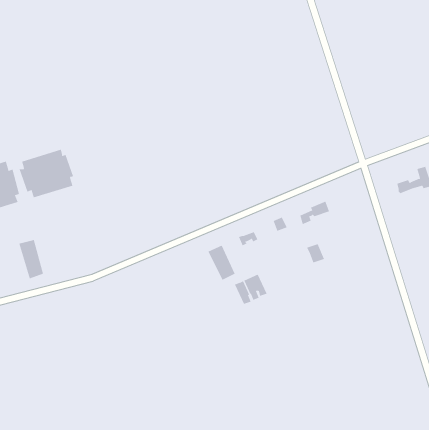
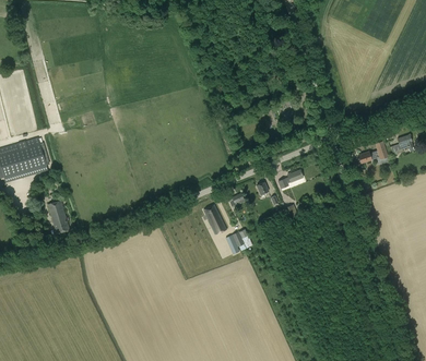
building: [19,149,74,198] -> none

